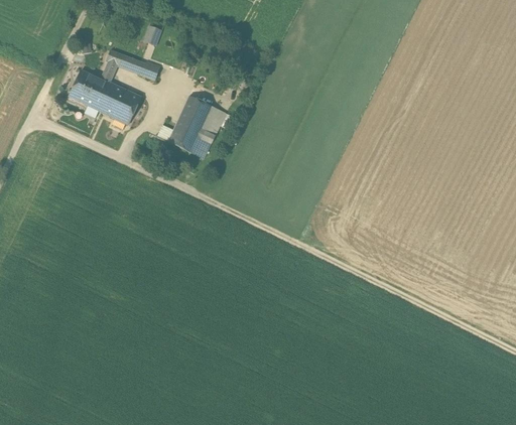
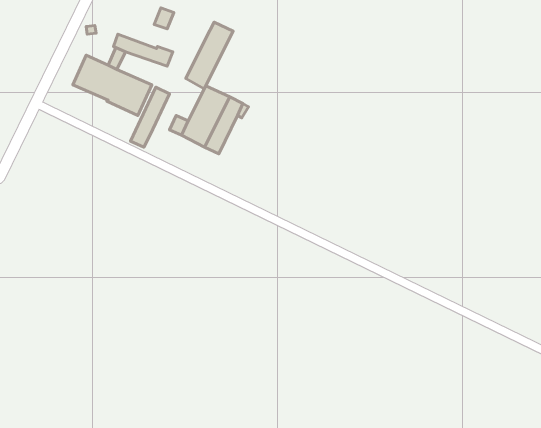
building: none -> [186,22,233,89]
building: none -> [131,87,169,147]

